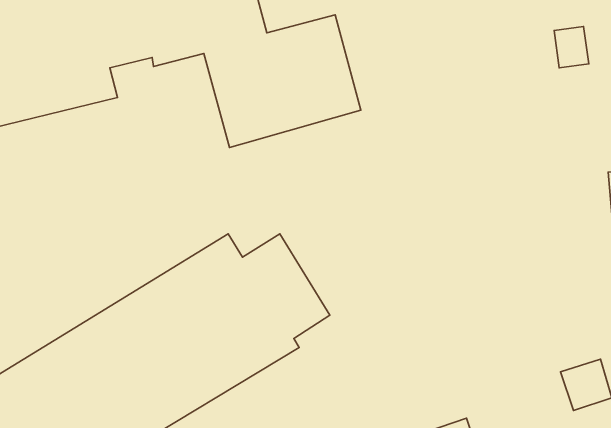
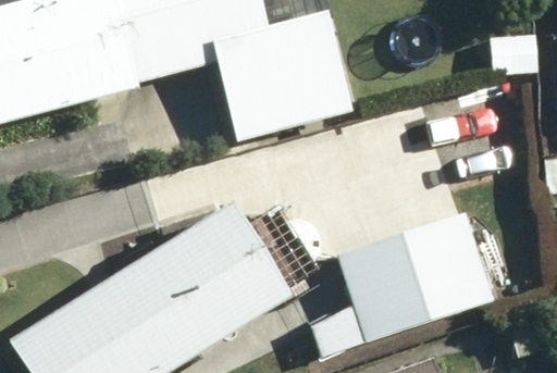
building: none -> [336,210,493,340]

